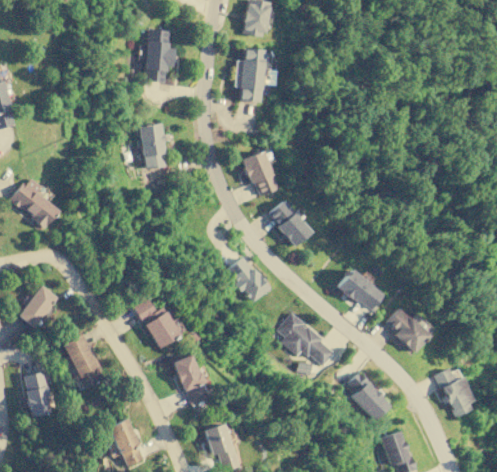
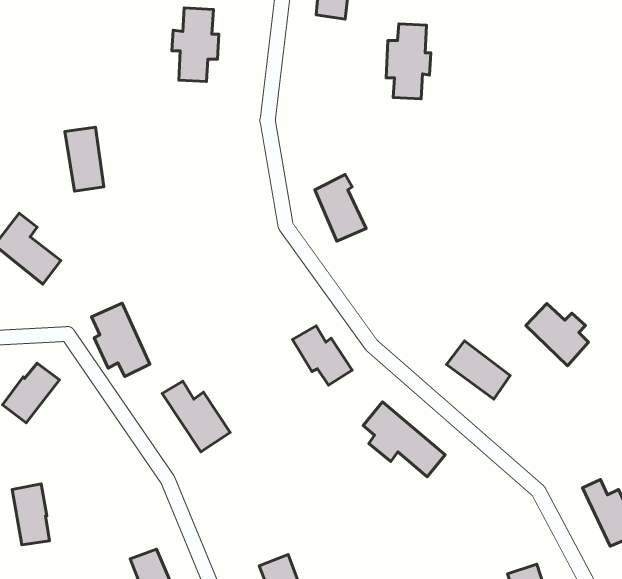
building: [236,48,268,102] -> [386,24,431,99]
building: [139,123,167,169] -> [65,127,104,191]
building: [268,200,311,247] -> none
building: [385,307,430,352] -> [526,303,588,366]
building: [63,334,105,387] -> [91,303,150,377]
building: [173,354,211,406] -> none
building: [349,372,391,420] -> none

